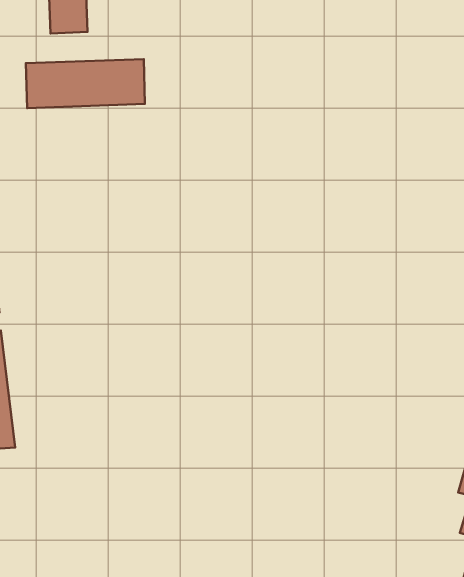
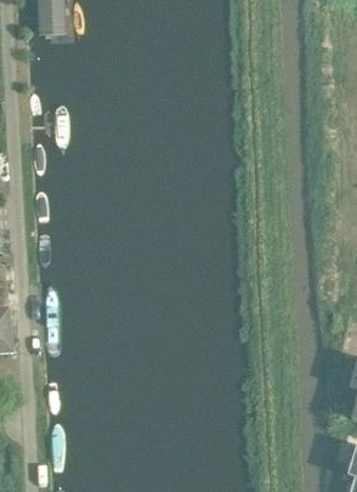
building: [26,59,145,108] -> none

